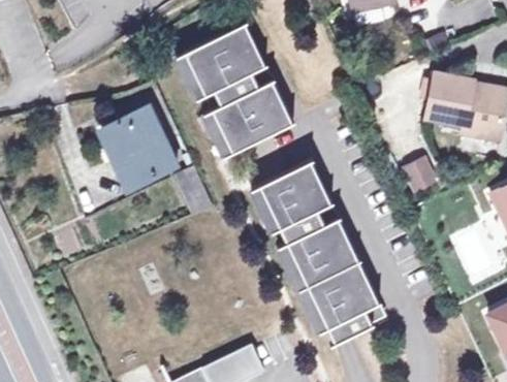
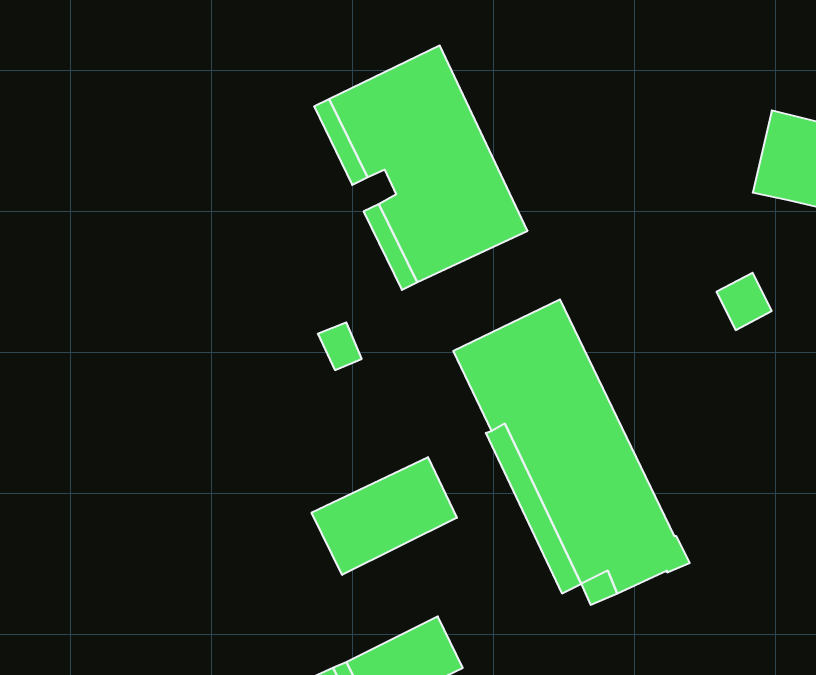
building: [98,99,173,182] -> none
building: none -> [312,457,457,575]

